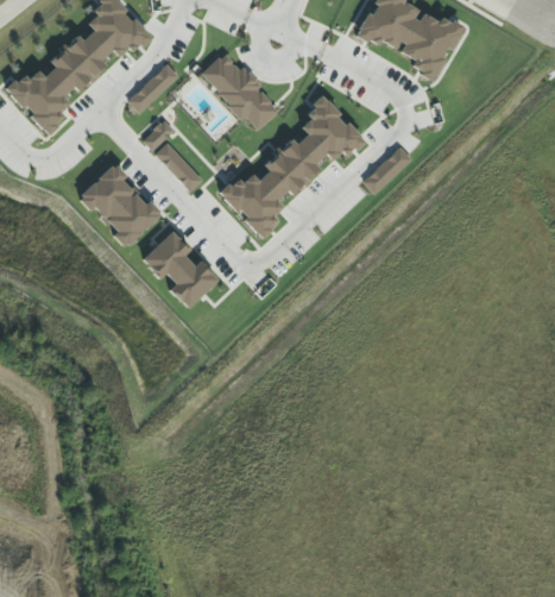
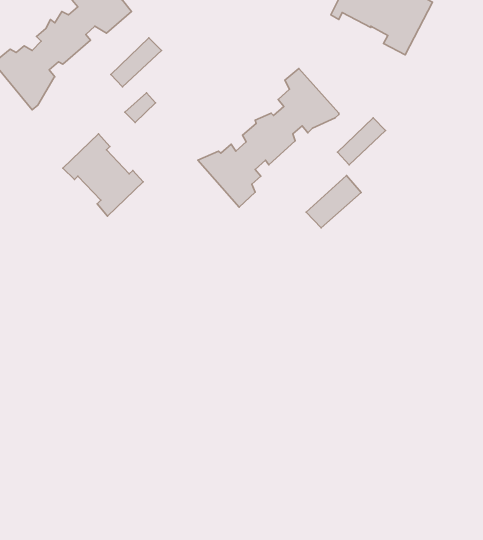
building: [201,50,282,130] -> none
building: [156,142,204,191] -> none
building: none -> [306,175,361,228]
building: [143,230,219,307] -> none

